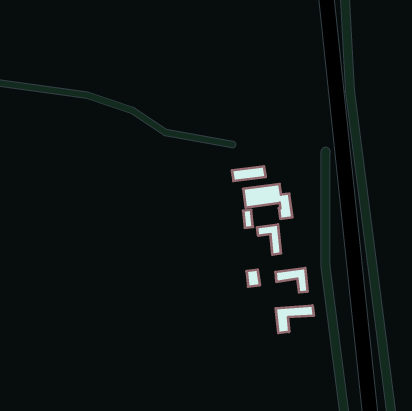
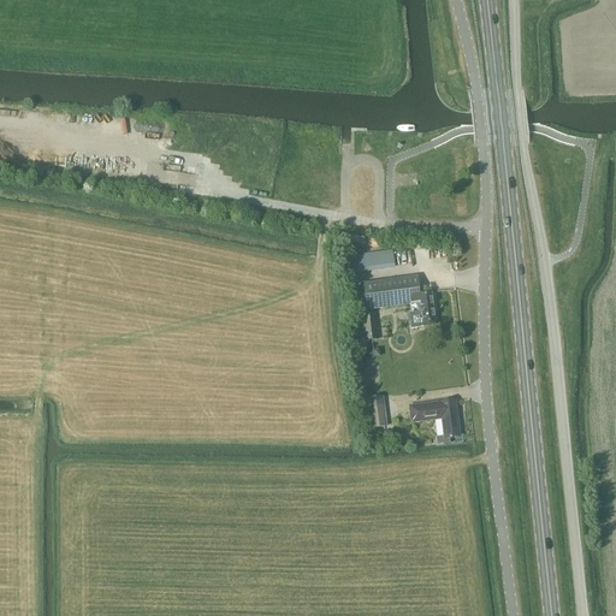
building: [257,224,281,255] -> none
building: [276,305,314,333] -> none

